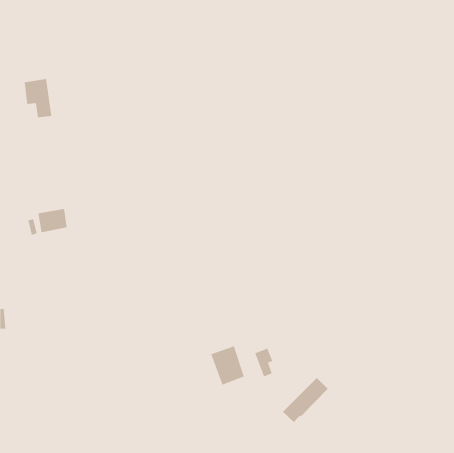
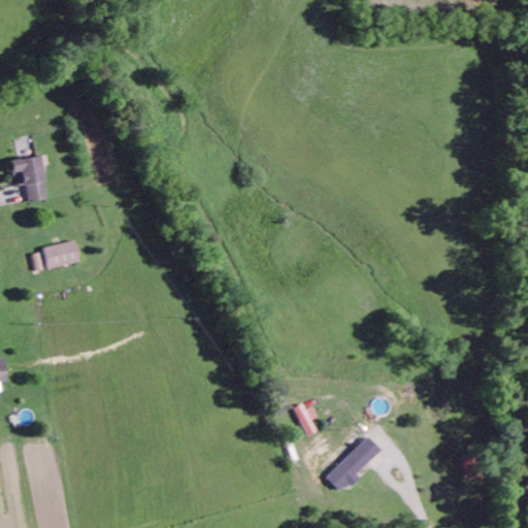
building: [24,79,52,118] -> [12,157,45,202]
building: [210,346,244,386] -> none

